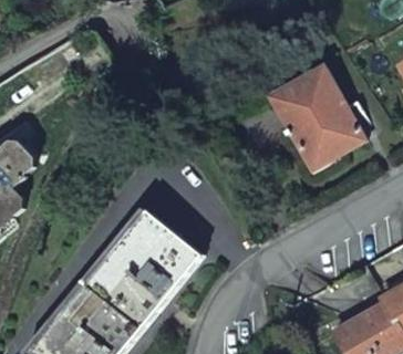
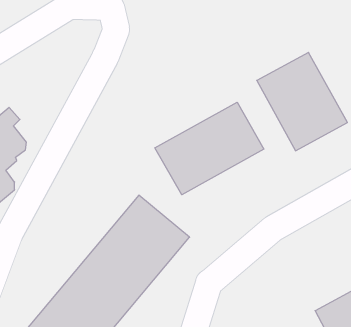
building: none -> [155,102,264,195]

